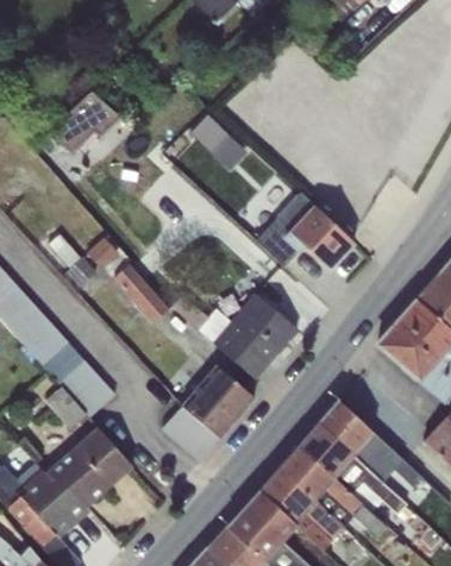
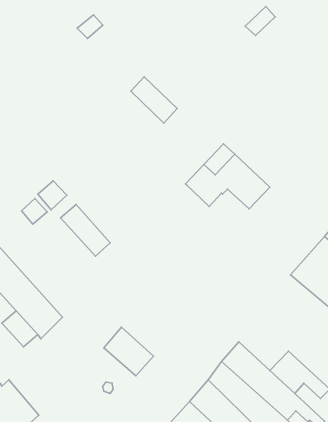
building: [54,90,119,151] -> none
building: [173,293,297,379] -> none
building: [182,365,255,439] -> none
building: [318,400,375,455] -> none
building: [52,427,133,507] -> none

